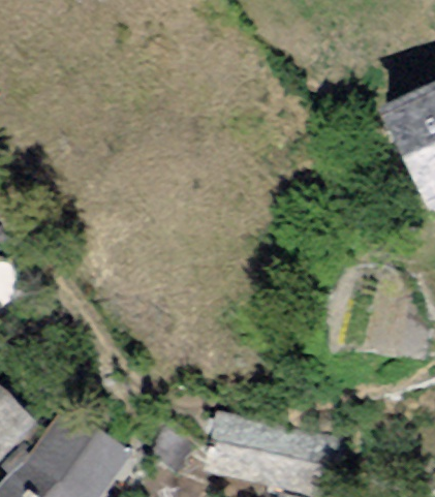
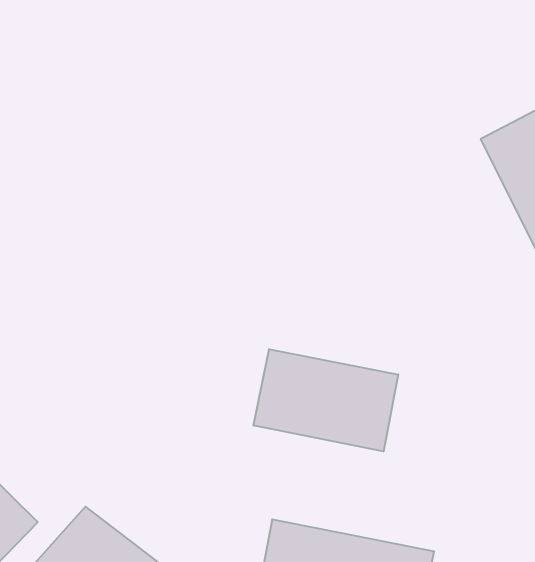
building: none -> [253,349,398,451]

